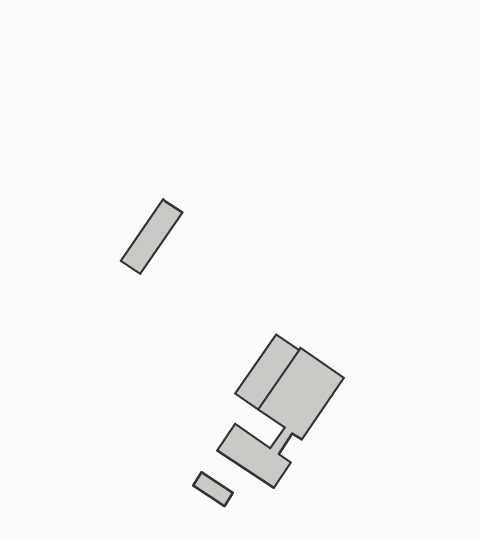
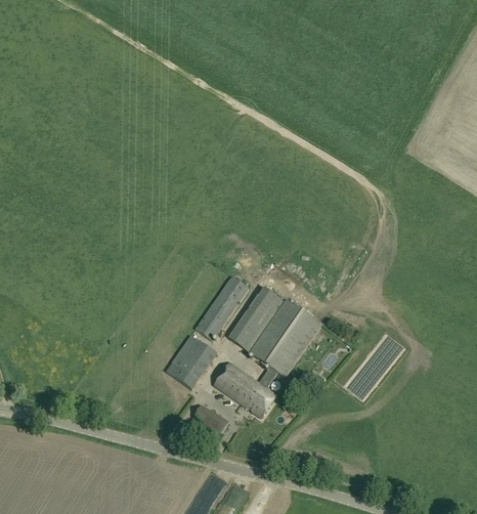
building: [121,199,182,274] -> [196,276,248,340]
building: none -> [165,335,216,388]

